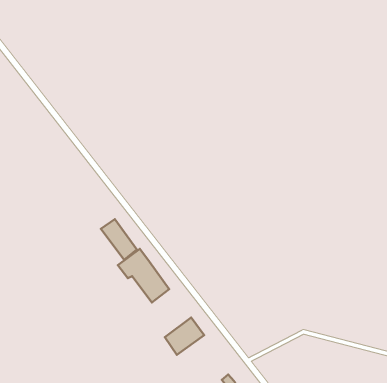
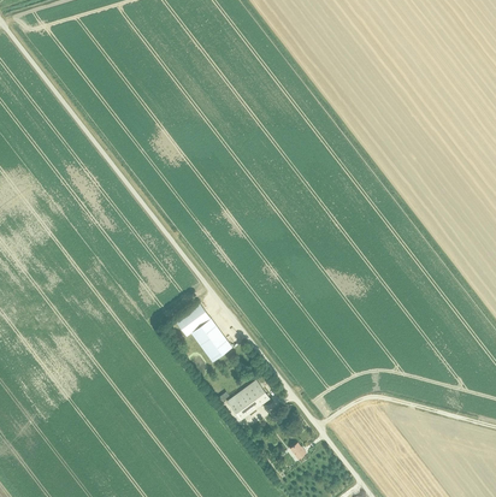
building: [101,219,137,260] -> none

